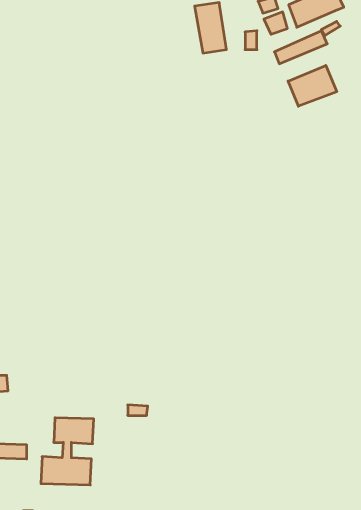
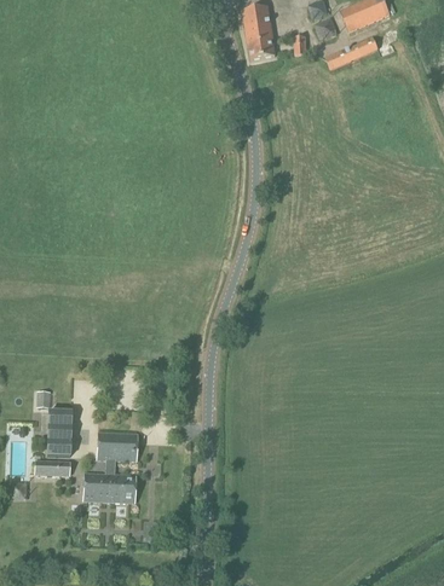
building: [288,65,337,106] -> none
building: none -> [47,410,70,456]

